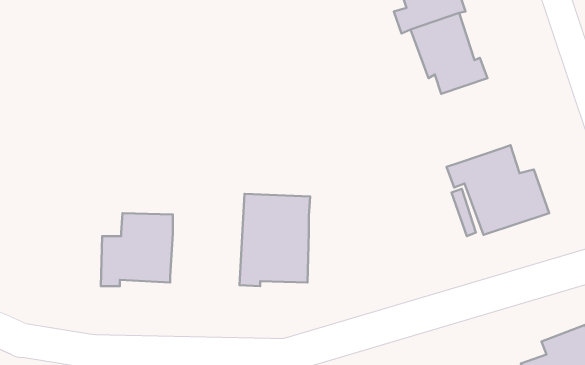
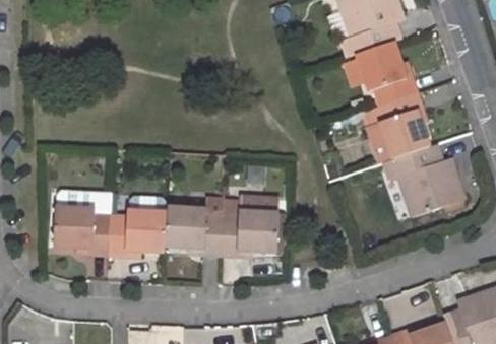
building: none -> [379,92,429,159]
building: none -> [165,210,222,256]
building: none -> [54,211,111,257]

